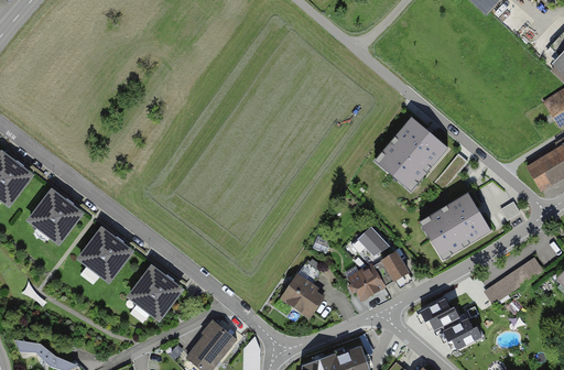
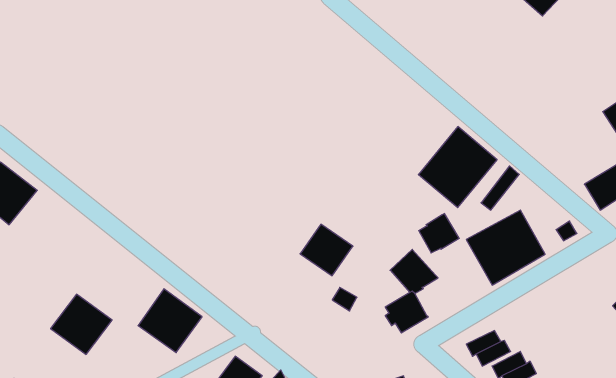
building: [28,186,84,242] -> none
building: [76,226,131,280] -> [51,294,112,354]
building: [373,251,410,286] -> [419,214,459,253]
building: [484,258,546,307] -> none
building: [278,273,325,319] -> [300,224,353,276]

